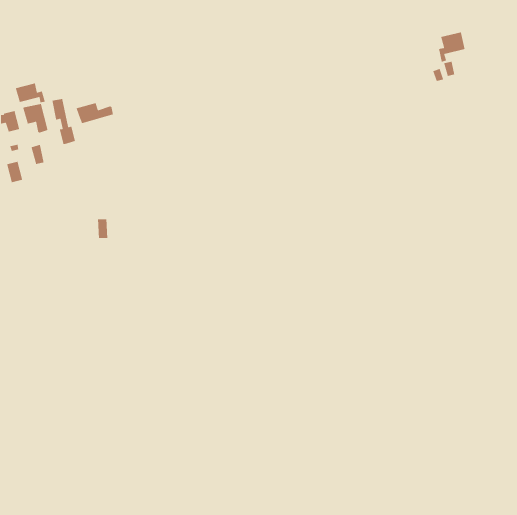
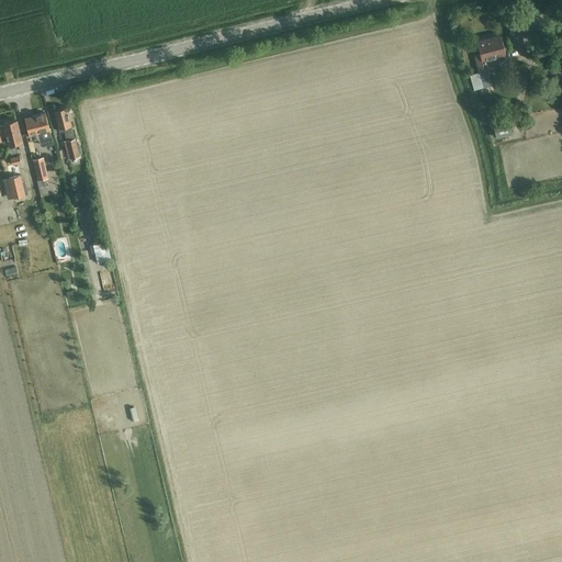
building: [15,82,46,103] -> none
building: [76,102,114,124] -> none

